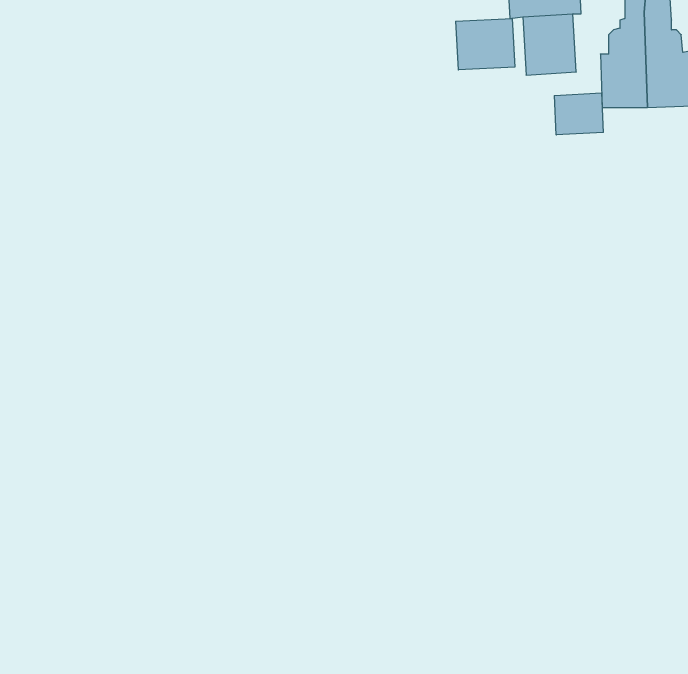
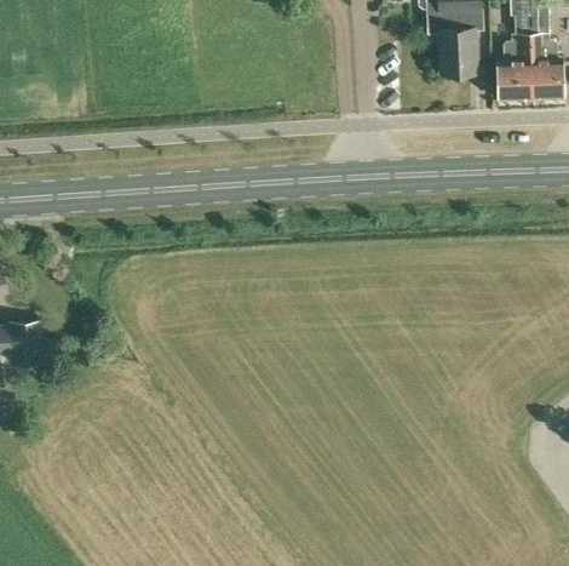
building: [456,18,515,70] -> none
building: [554,93,603,135] -> none

